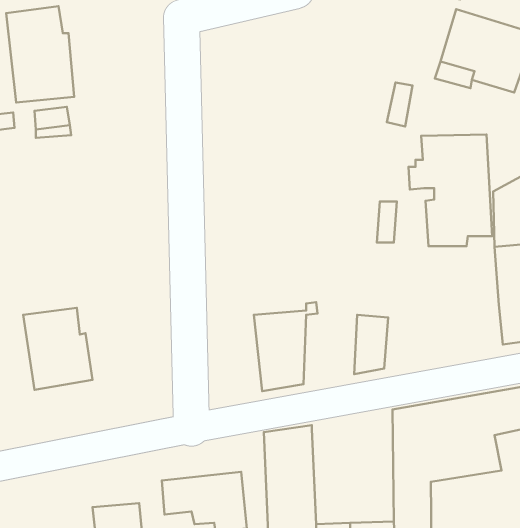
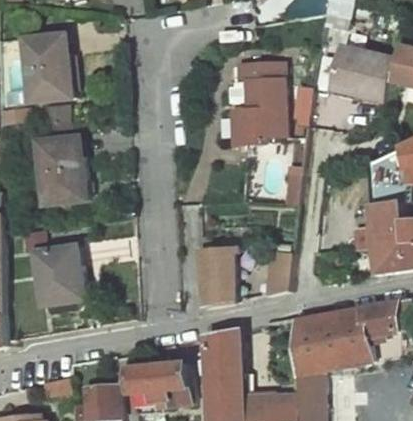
building: [409,134,492,246] -> [225,64,284,143]
building: none -> [35,137,83,204]

